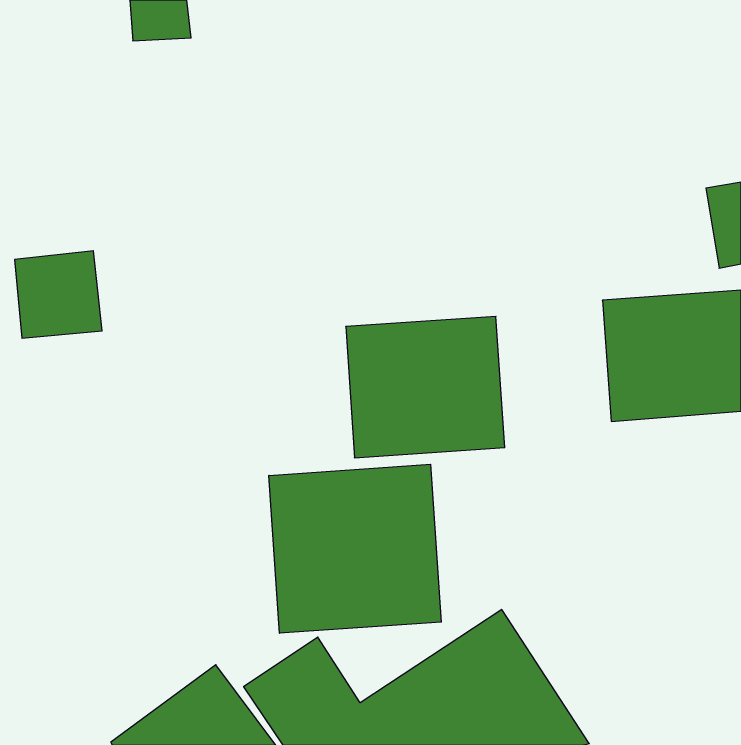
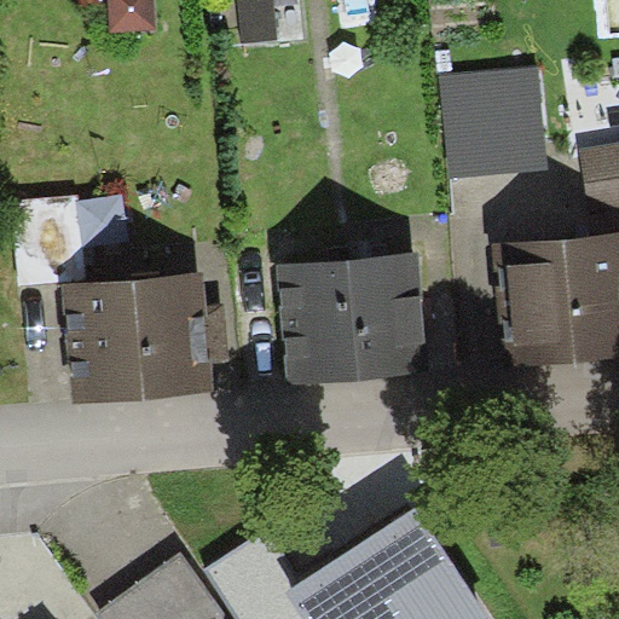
building: none -> [440,73,546,184]
building: none -> [71,285,206,398]
building: [269,464,441,633] -> none

